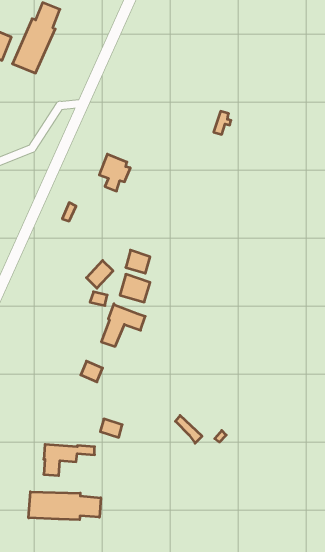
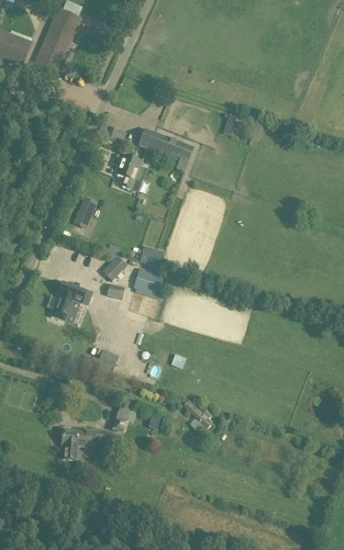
building: none -> [136,128,192,164]
building: [101,304,145,346] -> [49,280,91,321]
building: [29,492,101,520] -> none

